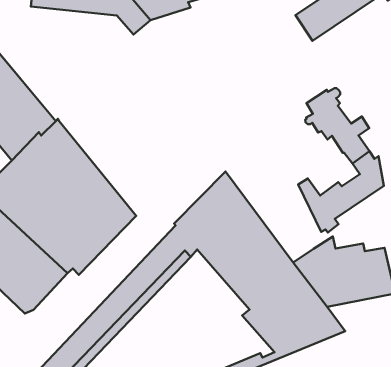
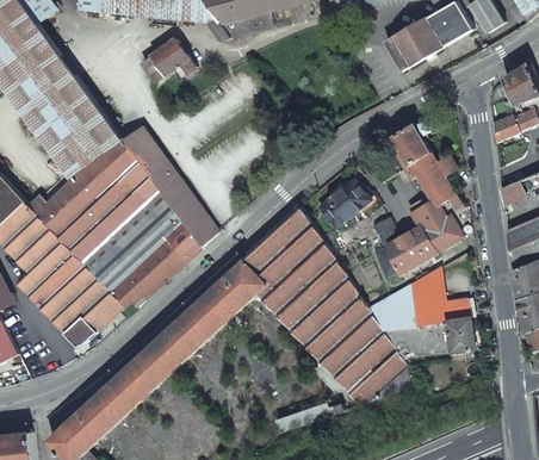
building: none -> [143,38,194,81]
building: none -> [124,128,216,247]
building: none -> [320,179,370,225]
building: none -> [408,193,444,229]
building: none -> [410,267,442,296]

